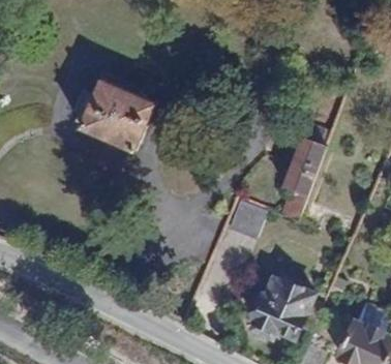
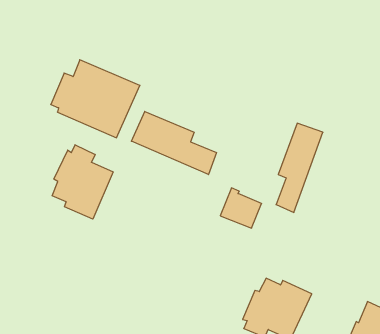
building: none -> [131,111,217,175]
building: none -> [52,145,113,219]

